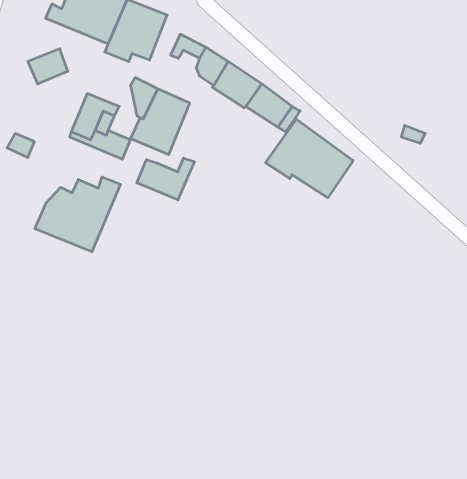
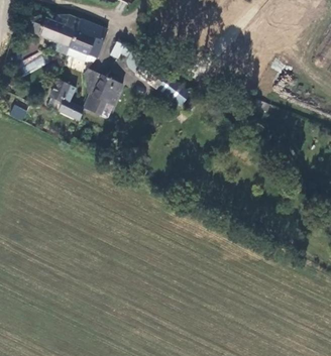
building: [266,119,353,198] -> none
building: [137,158,194,200] -> none
building: [35,177,121,252] -> none

